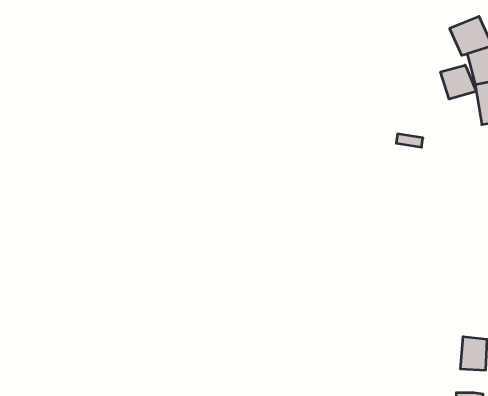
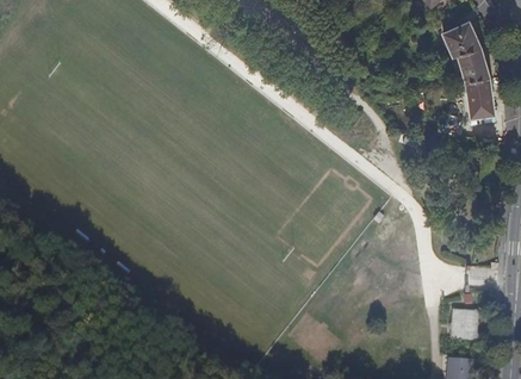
building: [441,65,476,99] -> none

